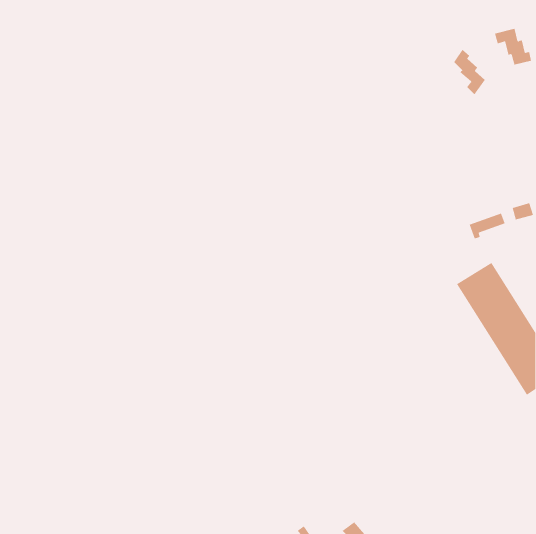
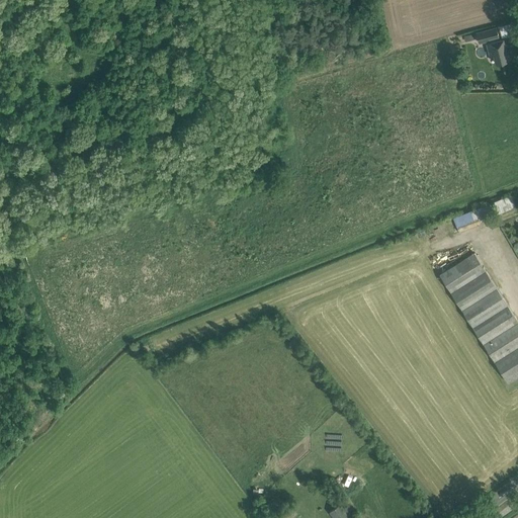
building: [453,49,486,95] -> none

